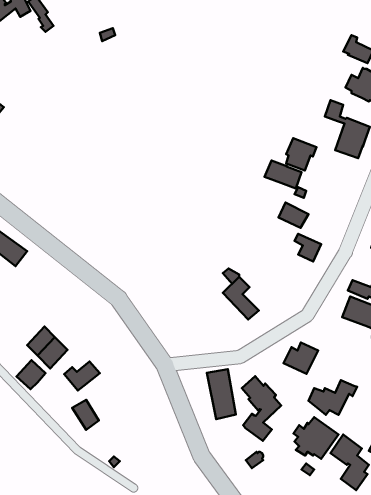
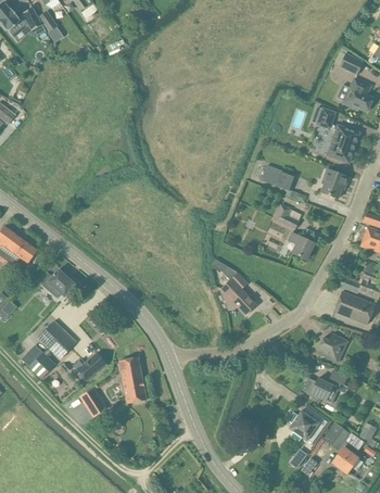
building: [286,138,316,171] -> [320,168,349,199]
building: none -> [38,269,79,298]
building: [283,342,318,374] -> [315,333,347,363]
building: [207,369,236,419] -> [118,357,145,404]
building: [242,376,281,441] -> none

